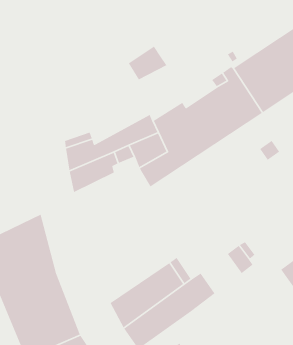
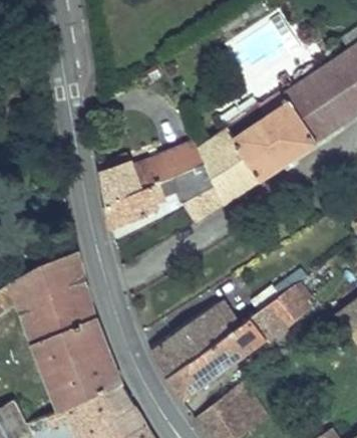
building: [128,45,168,81] -> none
building: none -> [250,296,294,340]

